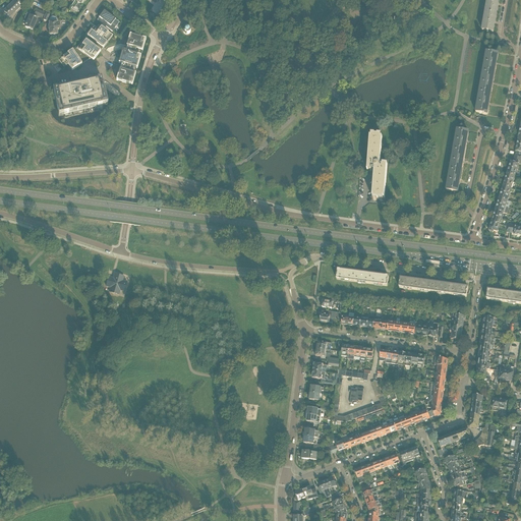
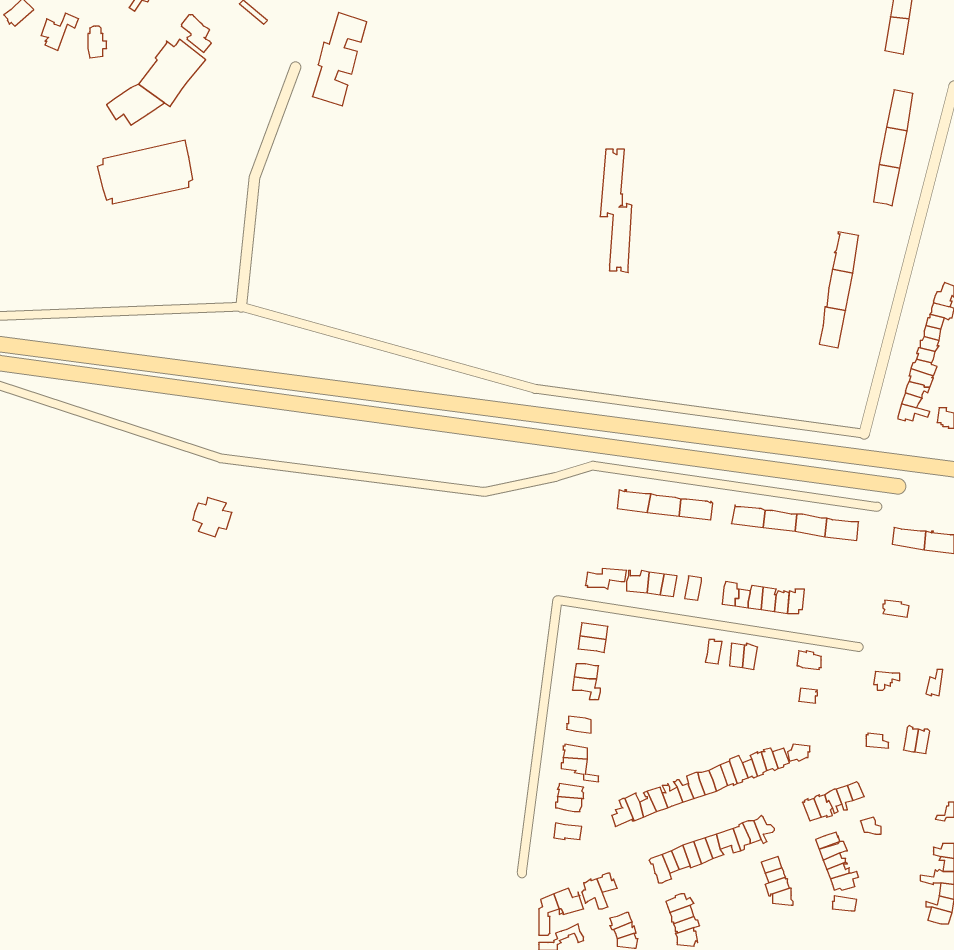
building: [115,32,144,82] -> [312,12,367,106]
building: [367,131,385,198] -> [600,149,632,273]

